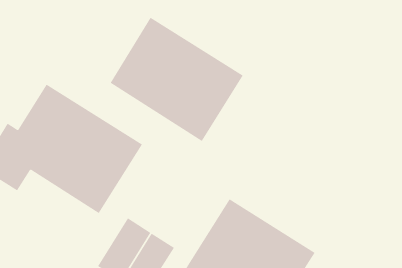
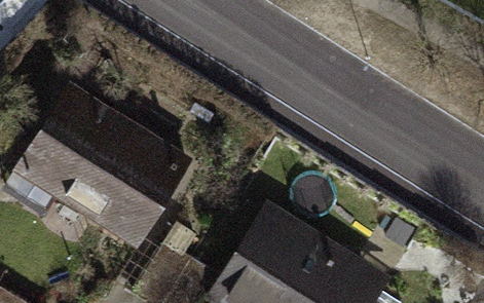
building: [110,17,243,142] -> none

